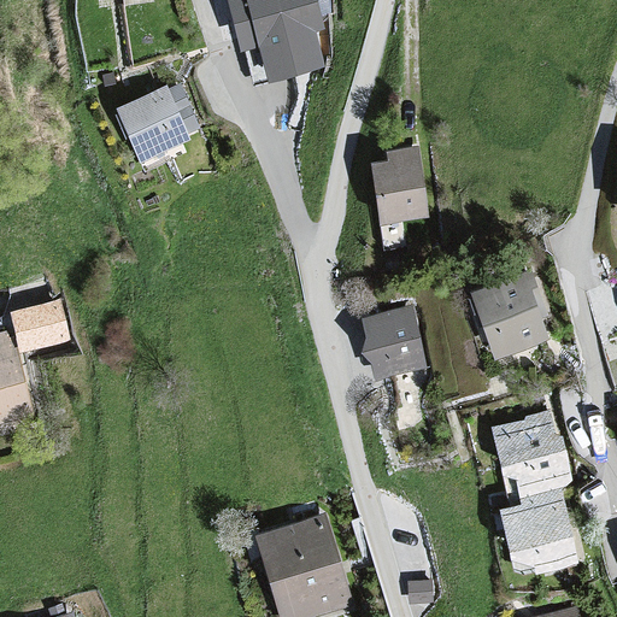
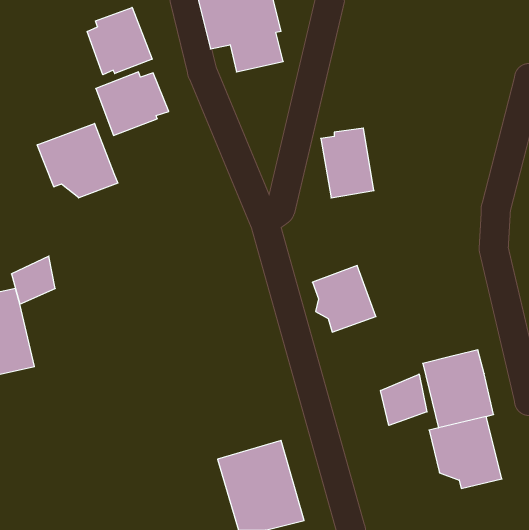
building: none -> [87,7,152,75]
building: none -> [37,123,118,198]
building: [468,274,554,364] -> none
building: none -> [381,374,427,425]

